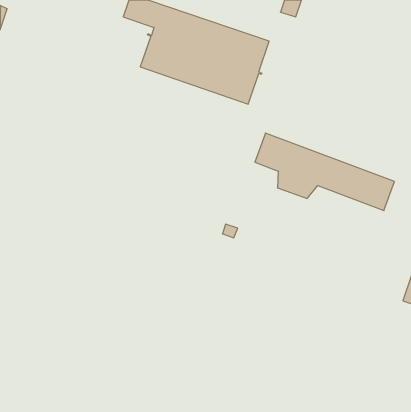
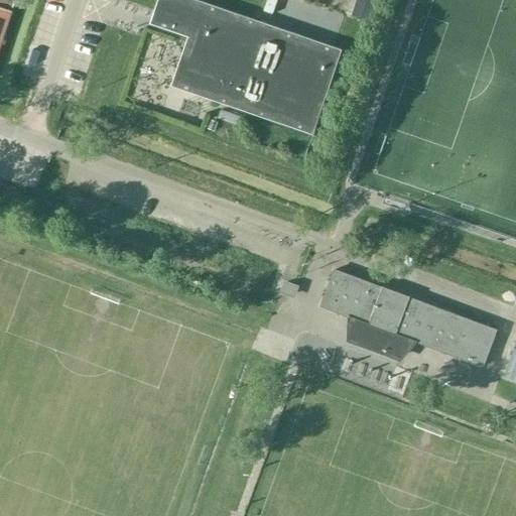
building: [255,133,394,211] -> [321,270,496,367]

